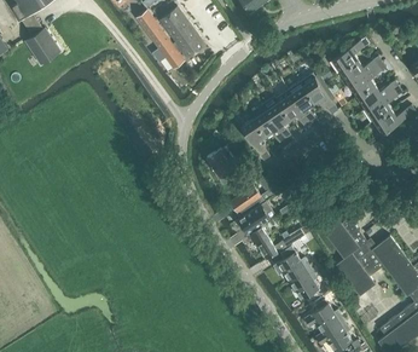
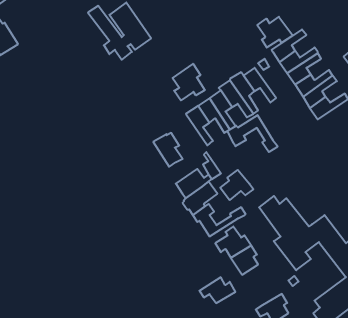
building: none -> [257,17,293,48]
building: none -> [173,64,205,100]
building: none -> [228,115,277,152]
building: none -> [220,170,253,200]
building: [306,305,344,333] -> [199,277,235,303]

